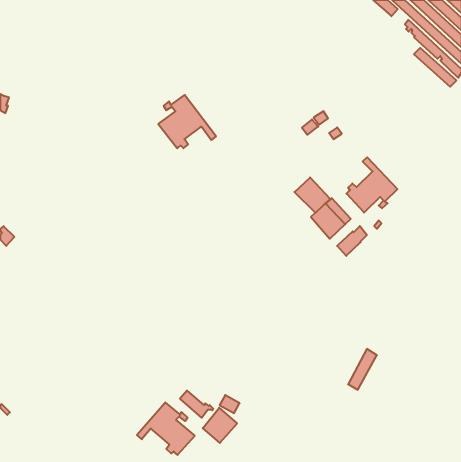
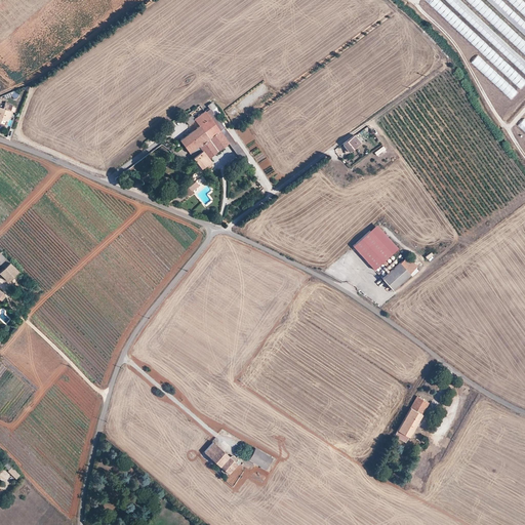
building: [346,157,397,213] -> none
building: [294,177,330,213] -> none
building: [137,402,195,455] -> none
building: [203,408,237,443] -> none

